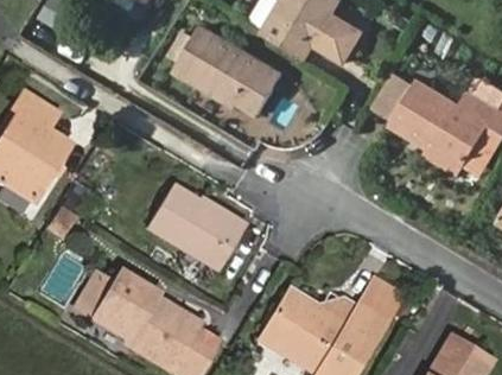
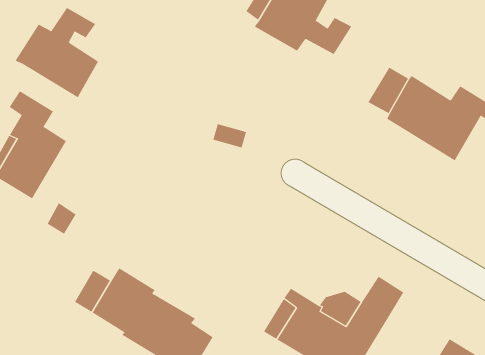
building: none -> [15,7,99,98]
building: [172,24,279,113] -> none
building: [147,189,248,274] -> none

